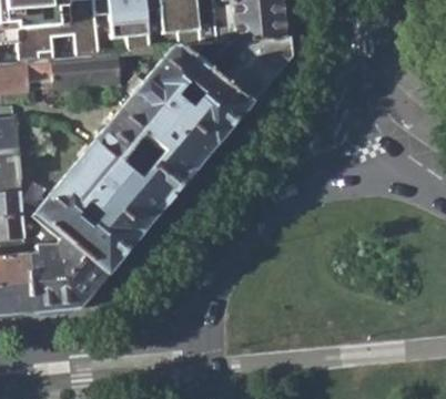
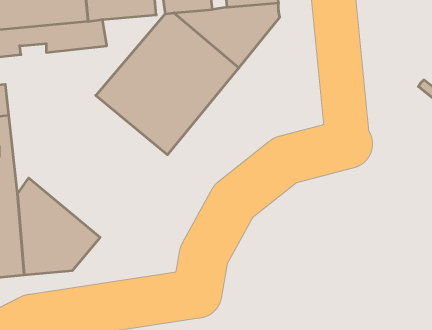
building: [34,131,174,274] -> none

